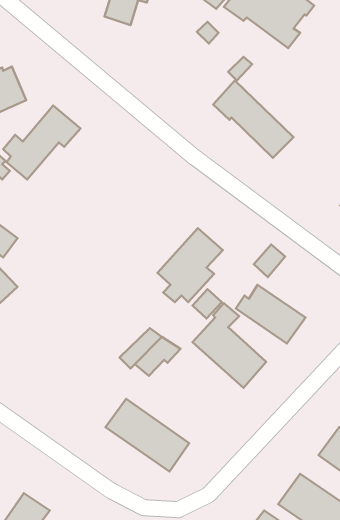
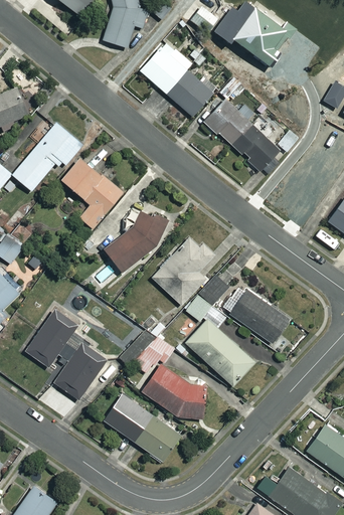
building: none -> [141,42,217,118]
building: none -> [62,159,124,230]
building: none -> [105,205,170,273]
building: [254,244,285,277] -> [199,276,228,306]
building: none -> [26,311,107,400]
building: none -> [142,364,206,418]

